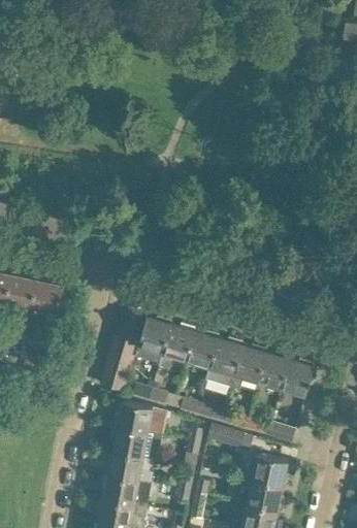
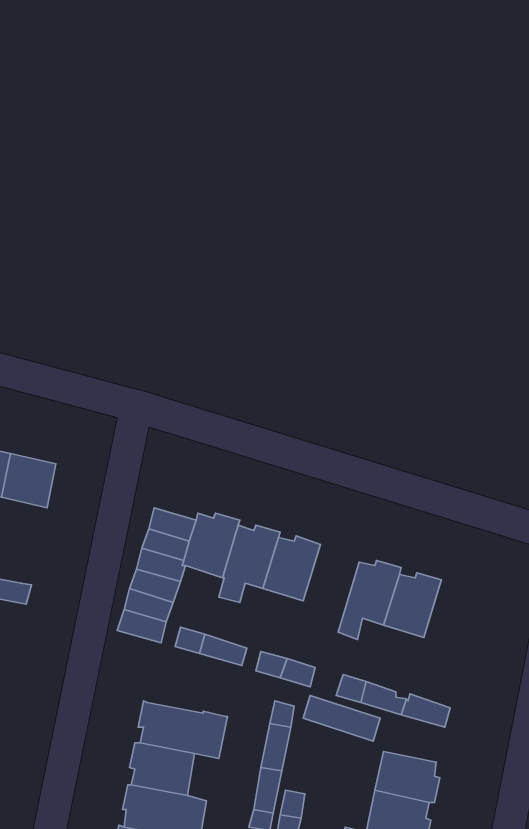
building: [207,336,242,386] -> none
building: [280,358,314,396] -> none
building: [116,401,167,435] -> none

